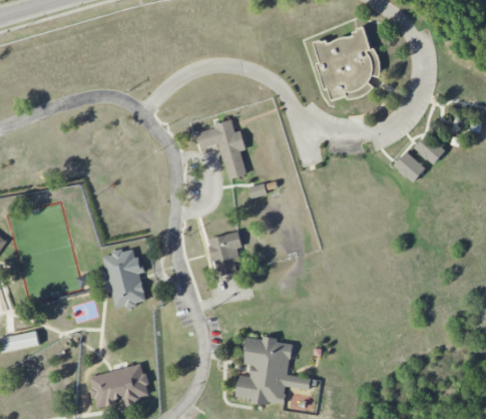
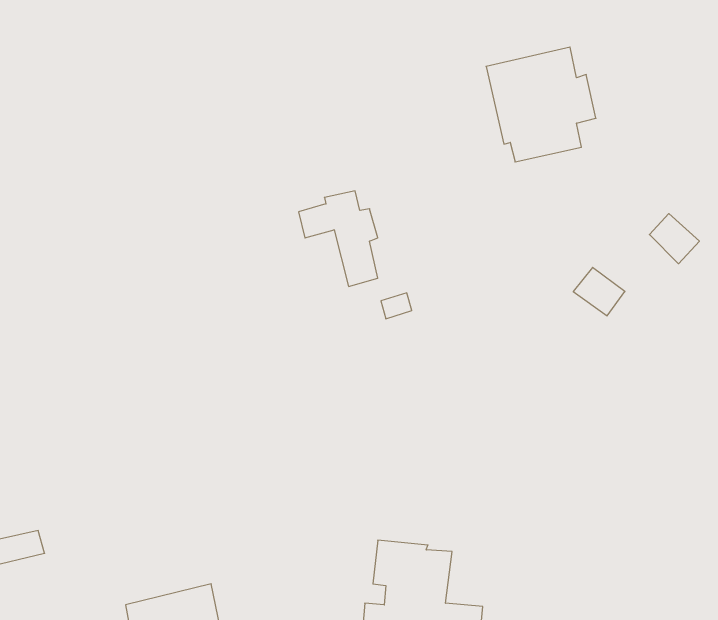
building: [393,151,425,181] -> [573,267,625,316]
building: [207,231,241,277] -> none
building: [102,247,146,309] -> none

